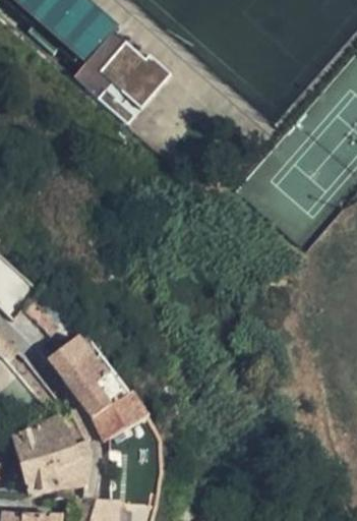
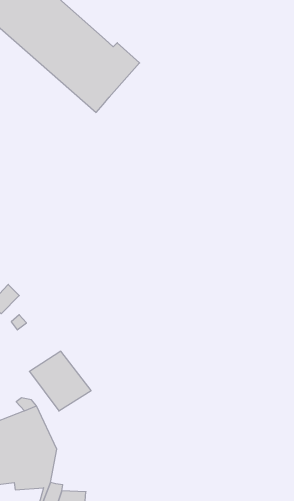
building: [48,337,95,378] -> none
building: [93,393,151,441] -> none

